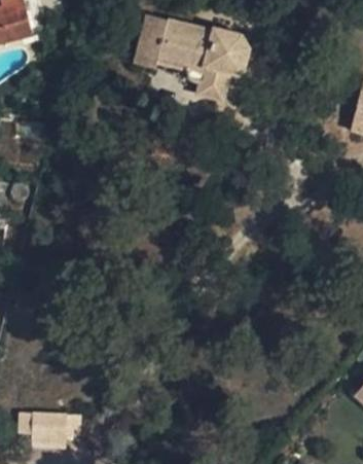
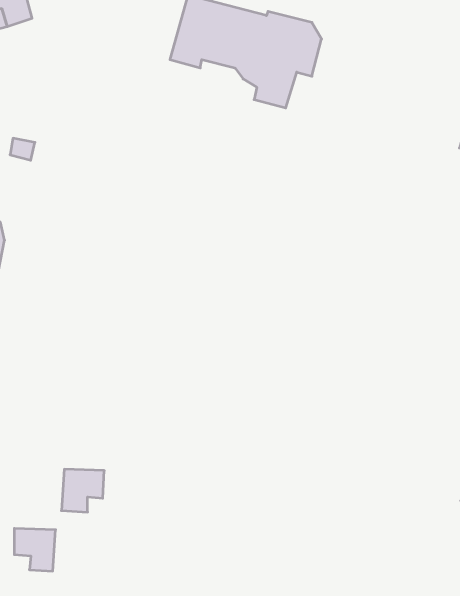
building: [47,414,79,445] -> [61,469,104,512]

